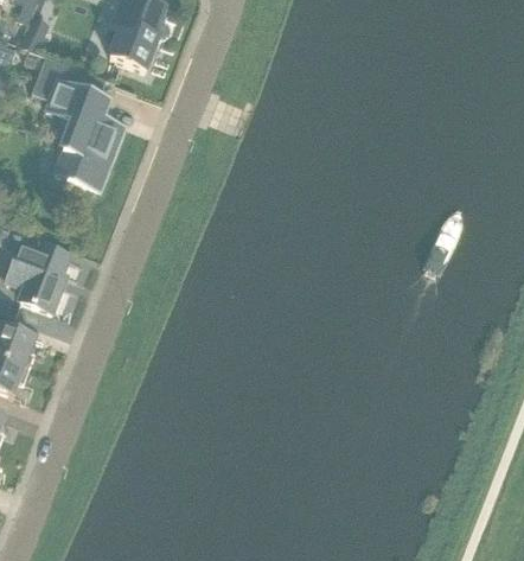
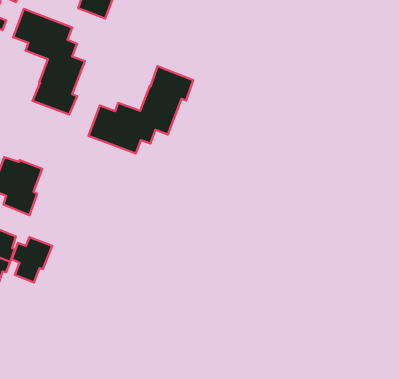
building: none -> [88,66,193,154]
building: none -> [12,237,52,283]

